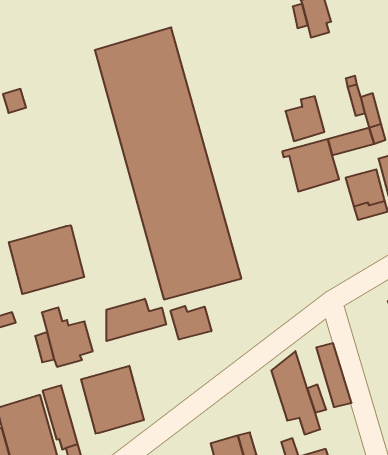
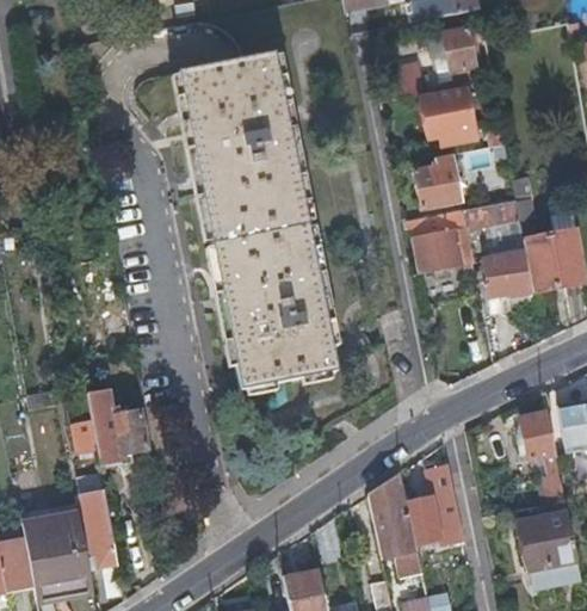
building: none -> [420,88,475,142]
building: [9,225,84,294] -> none
building: [106,299,166,341] -> none
building: [171,306,211,340] -> none
building: [81,366,144,434] -> none

